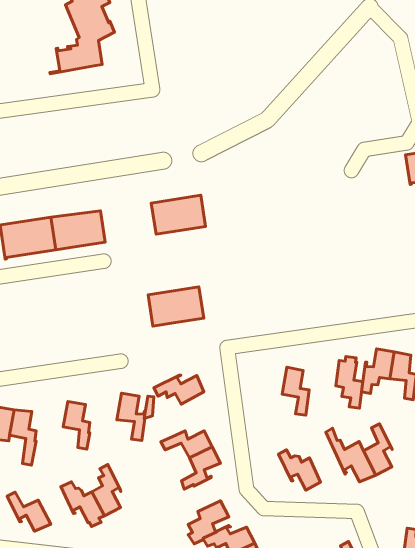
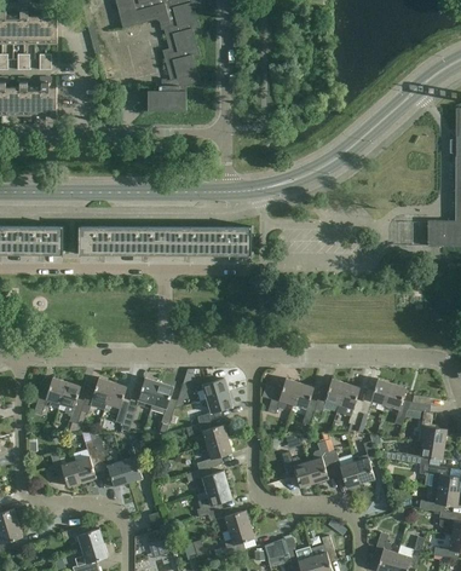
building: [148,287,204,326] -> [165,227,208,254]
building: none -> [313,379,345,414]
building: none -> [266,379,300,414]
building: none -> [126,377,159,414]
building: none -> [196,392,232,425]
building: none -> [80,377,113,414]
building: none -> [306,442,330,483]
building: none -> [75,440,98,483]
building: none -> [186,468,227,494]

